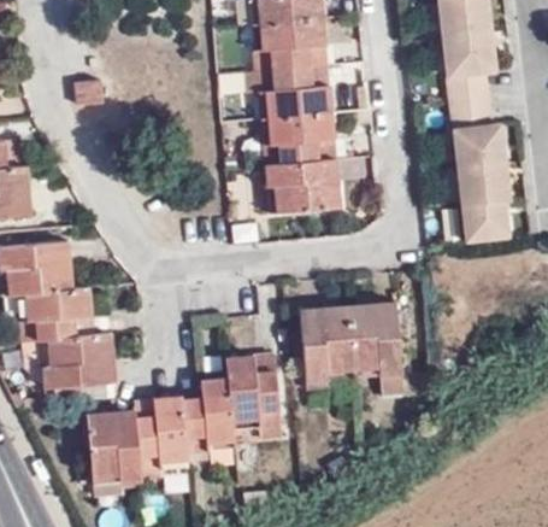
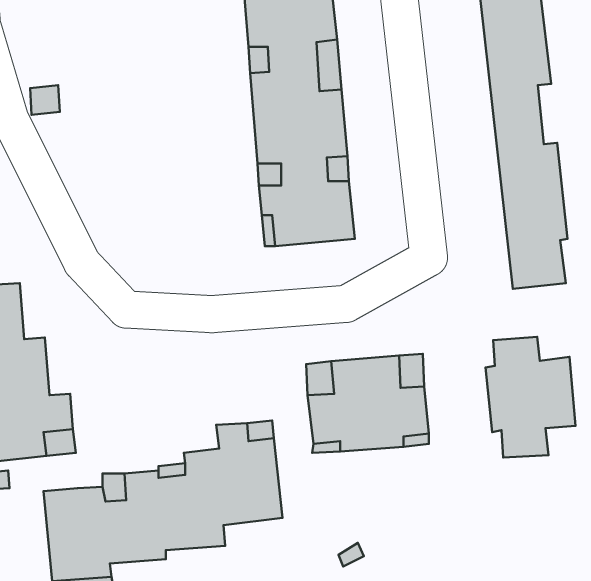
building: none -> [485,337,576,457]

